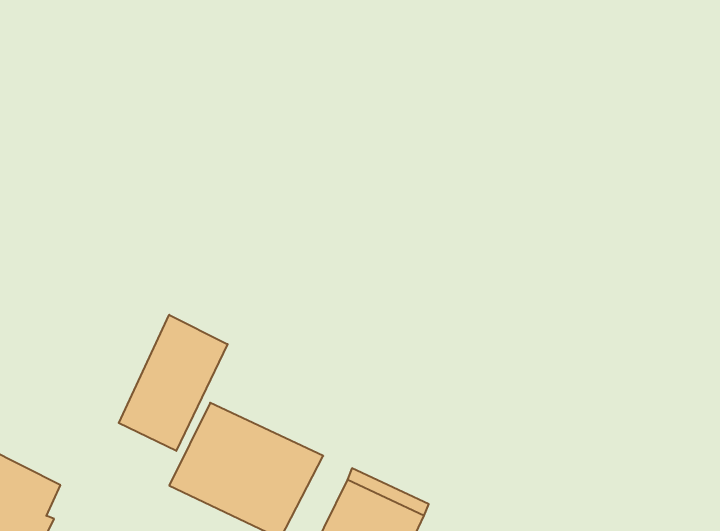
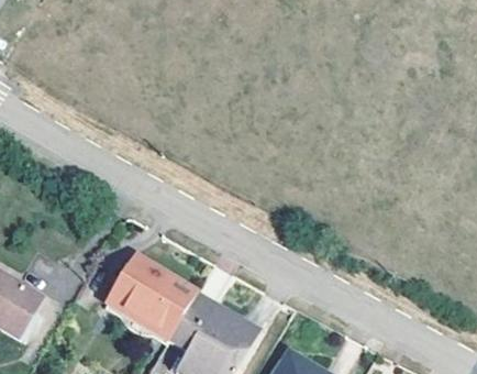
building: [119,315,228,451] -> none

